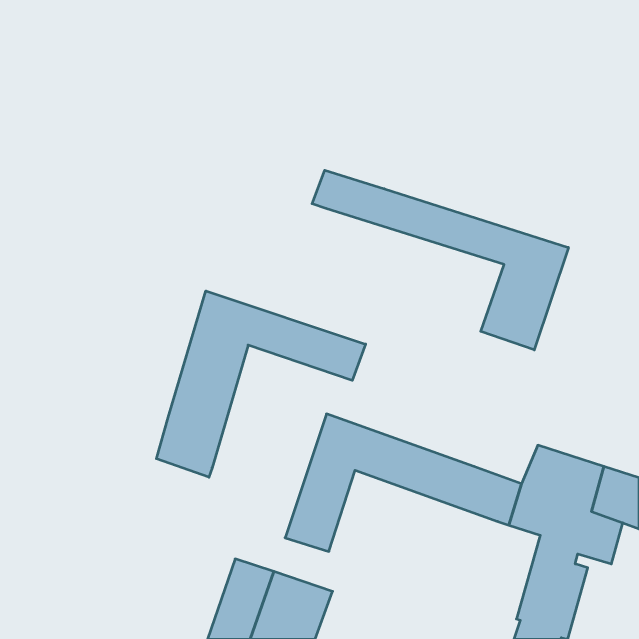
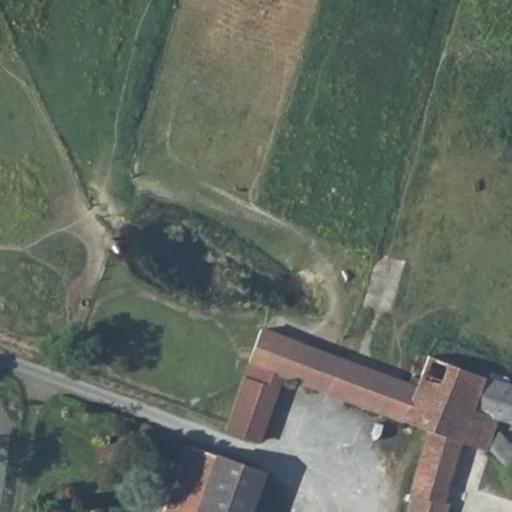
building: [312,170,568,350] -> none
building: [156,291,366,477] -> none

